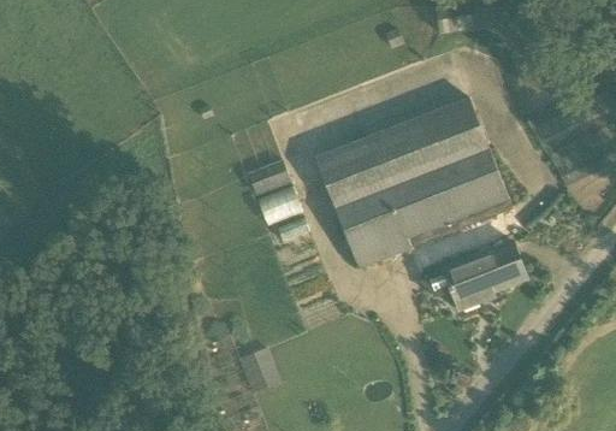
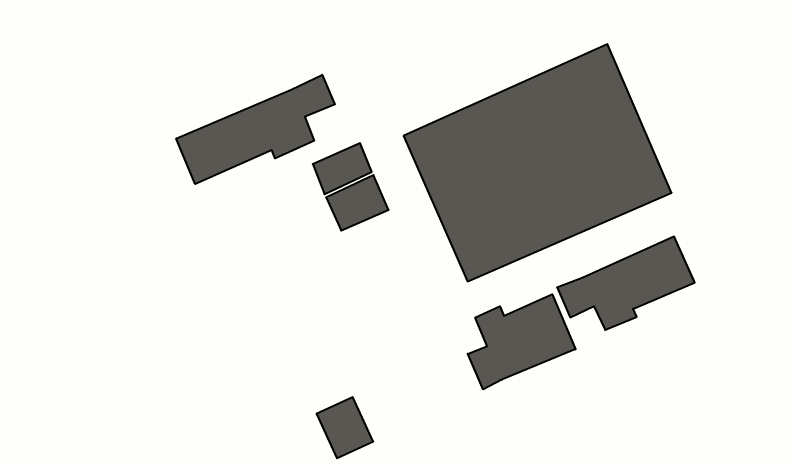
building: none -> [176,75,335,184]
building: none -> [468,294,576,389]

